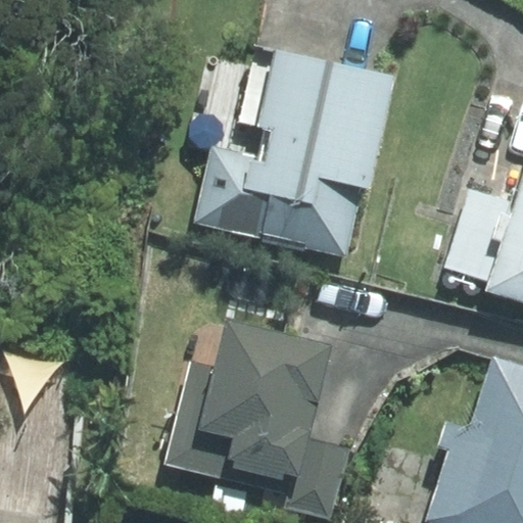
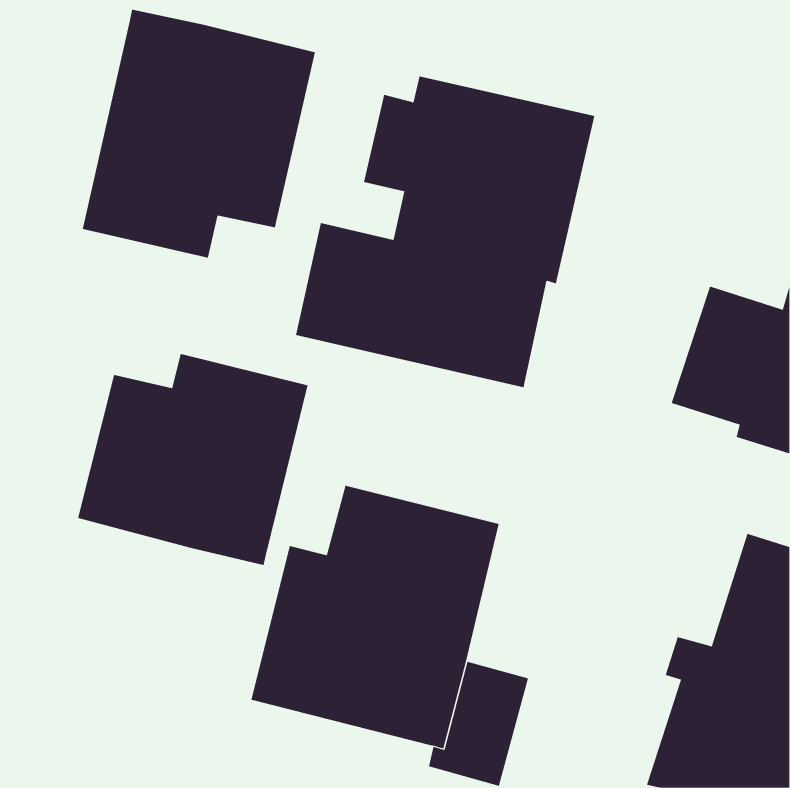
building: none -> [82,9,316,258]
building: none -> [78,353,308,566]

